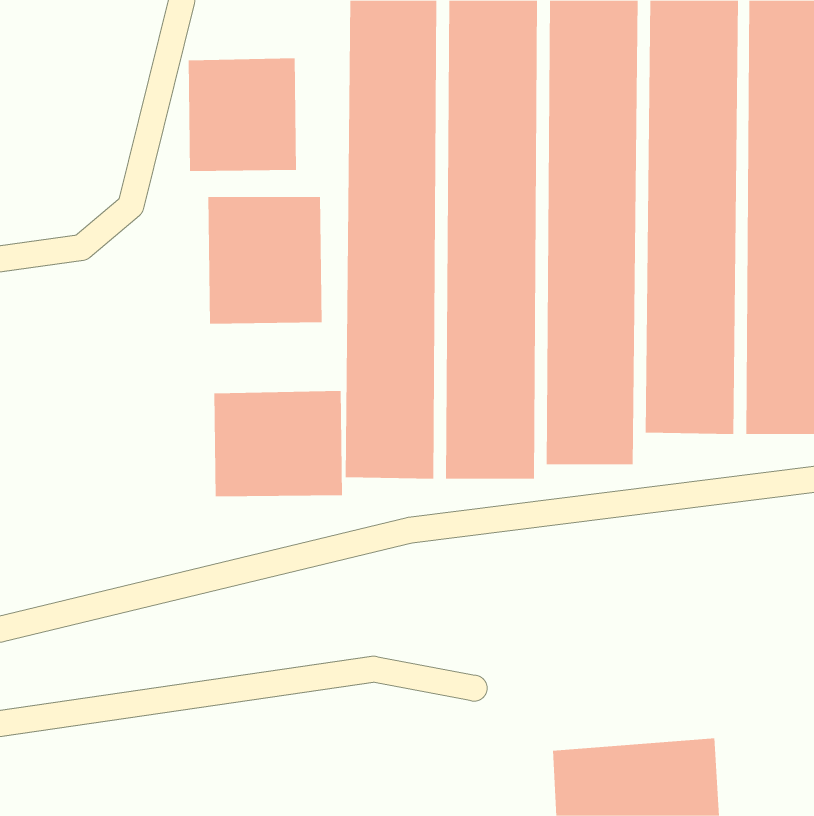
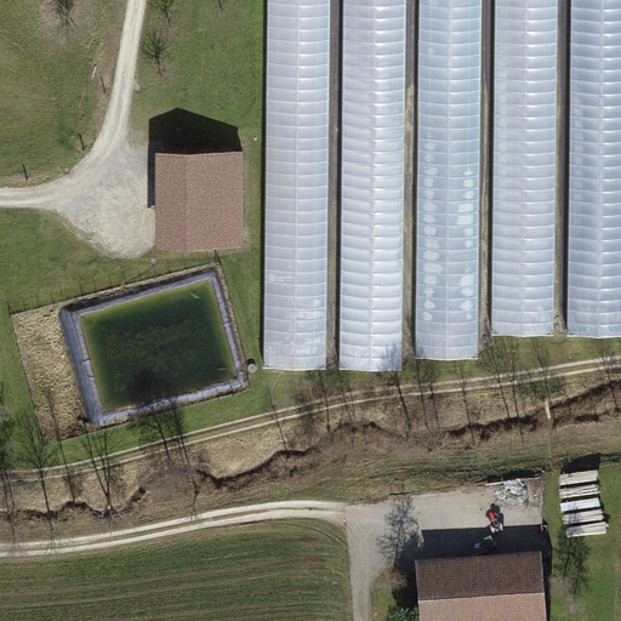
building: [188,57,297,172] -> none
building: [214,390,343,497] -> none

